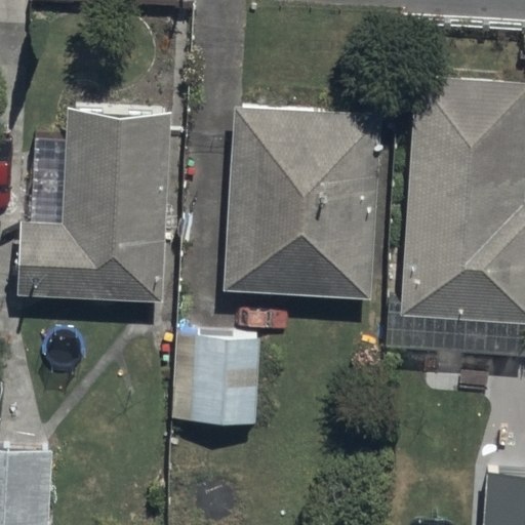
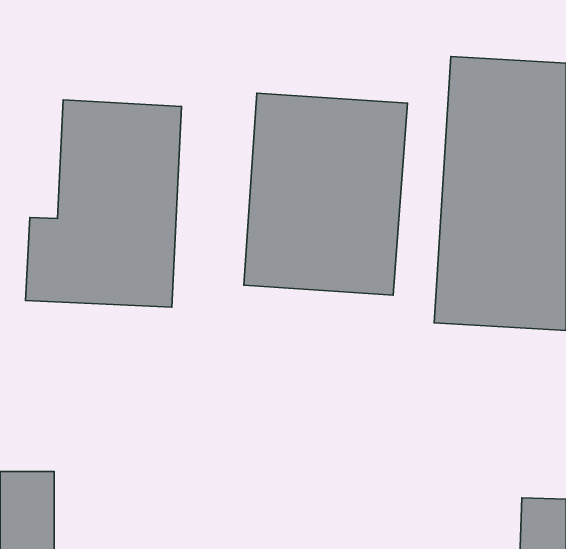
building: [174,337,255,427] -> none

